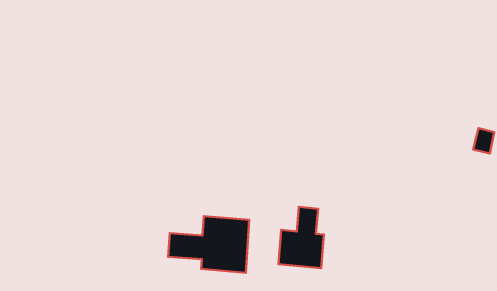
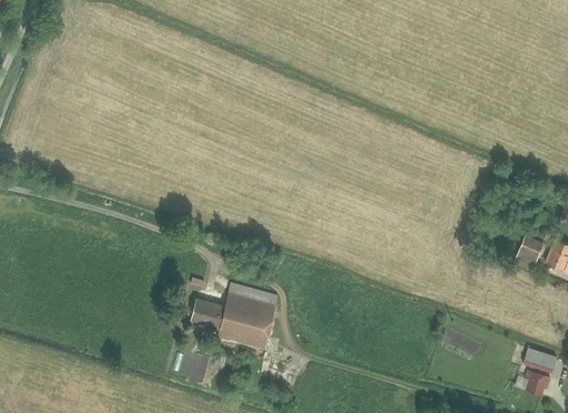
building: [279,207,324,268] -> none

